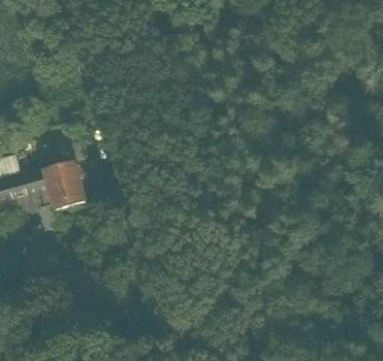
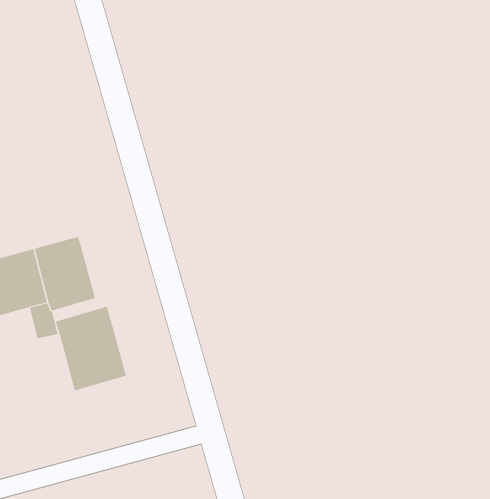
building: none -> [55,306,126,391]

